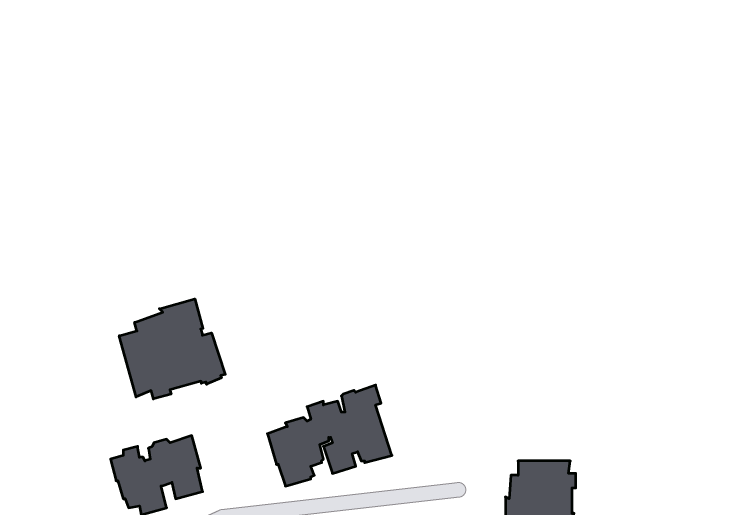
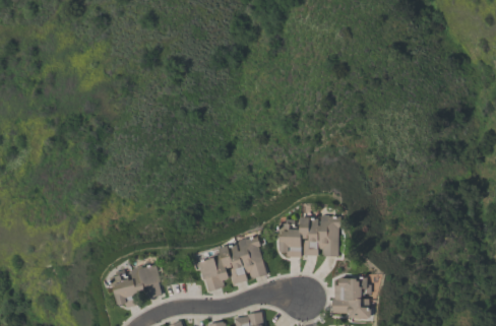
building: [119,299,225,399] -> none
building: none -> [280,213,343,257]

